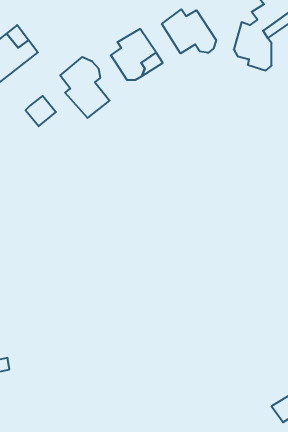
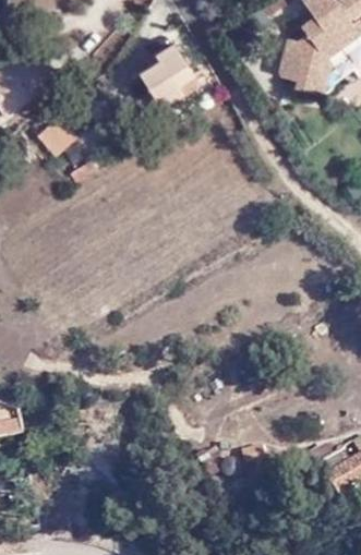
building: [162,9,216,53] -> none
building: [60,57,110,118] -> none

